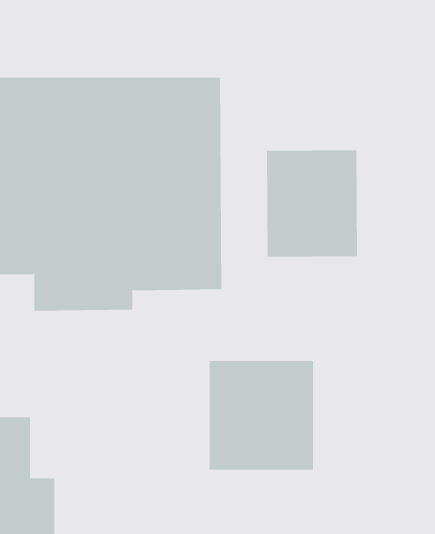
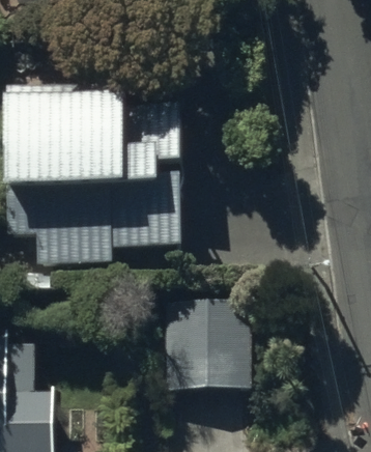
building: [266,150,358,258] -> none

